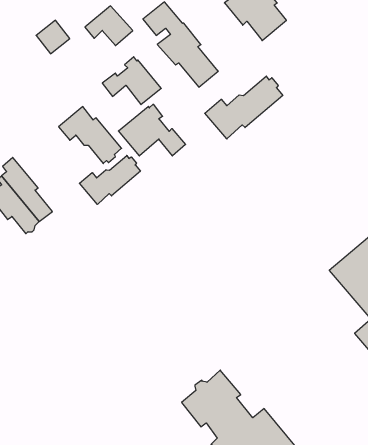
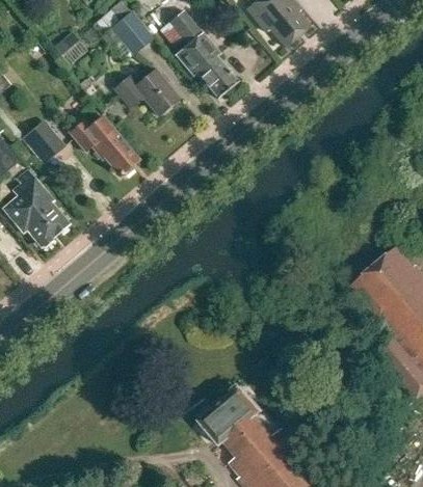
building: [205,76,283,139] -> none
building: [118,104,186,156] -> none
building: none -> [21,119,67,165]
building: [79,155,140,204] -> none

